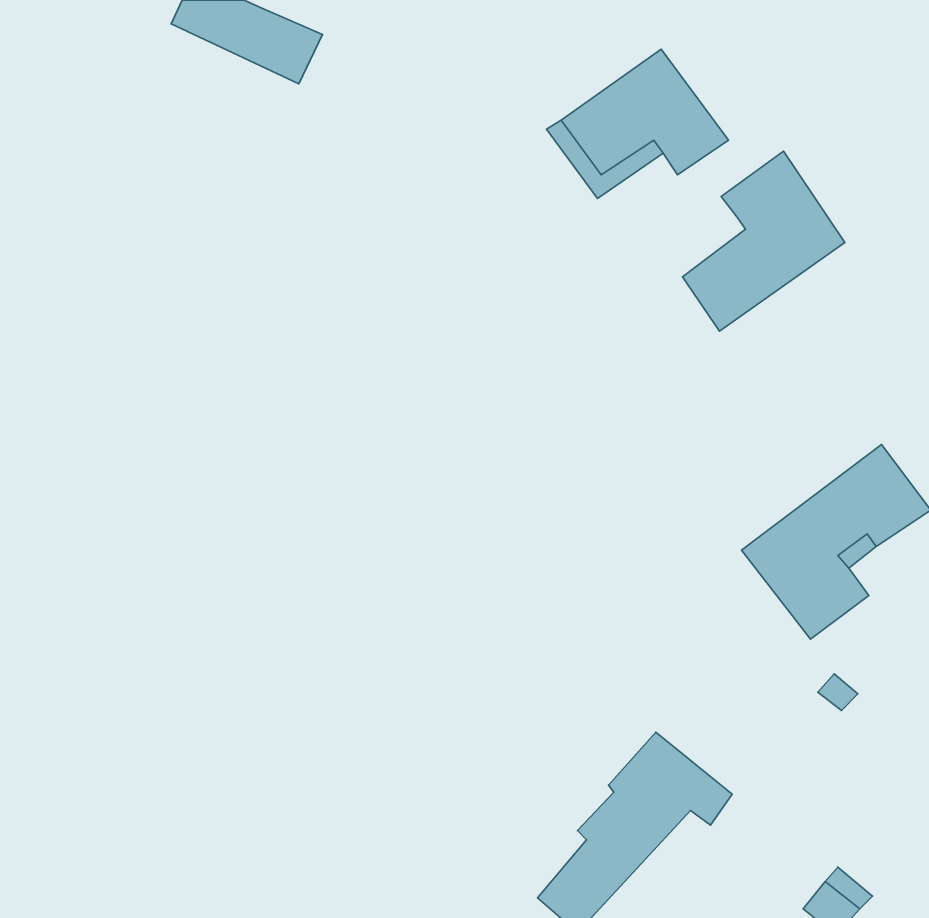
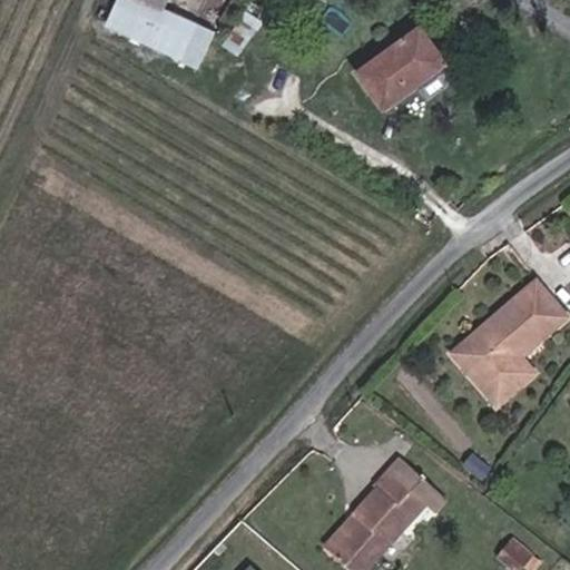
building: [683,151,845,331] -> none

